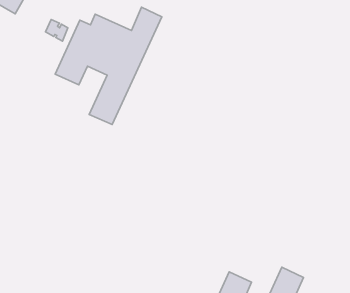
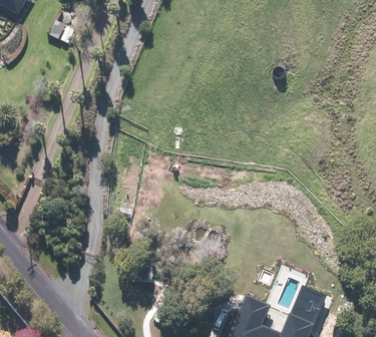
building: [55,7,162,124] -> none

